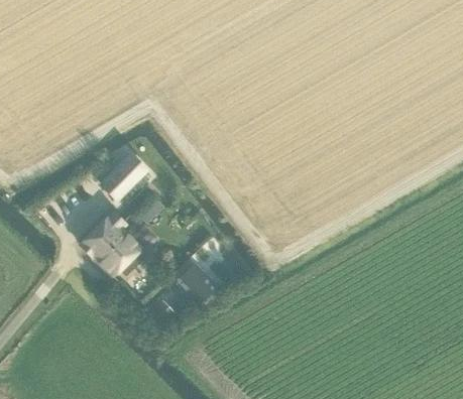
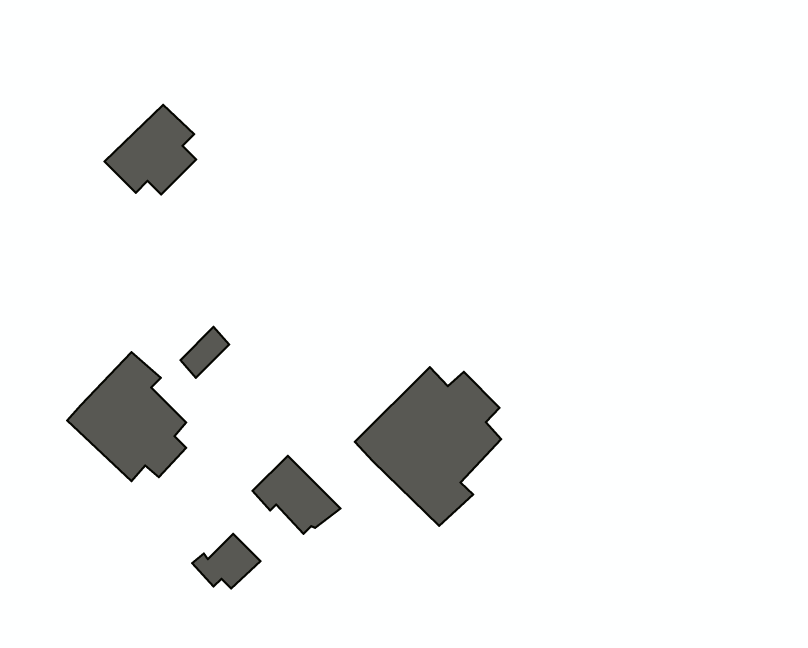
building: [100,153,147,200] -> [104,105,196,195]
building: none -> [355,367,501,526]

